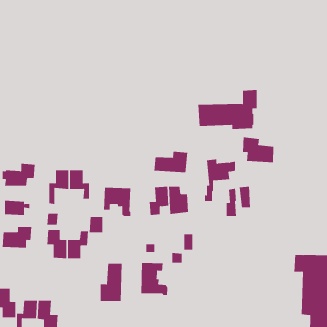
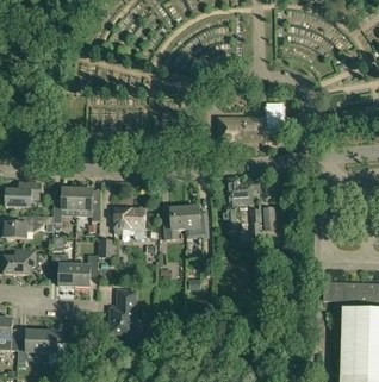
building: [243,137,274,163] -> none
building: [154,151,188,173] -> none
building: [141,262,168,296] -> none

